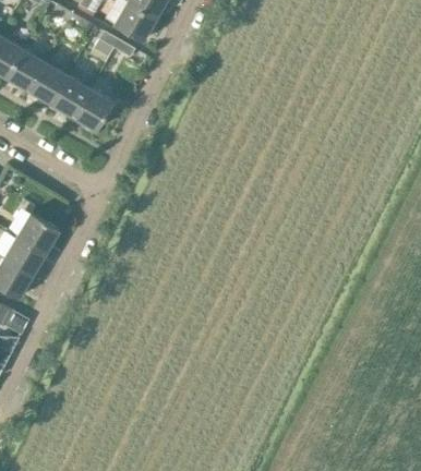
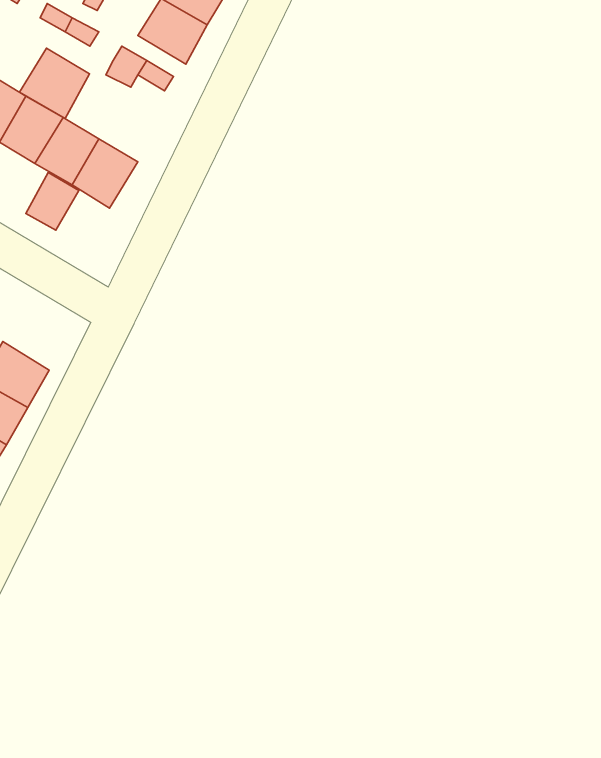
building: none -> [19,48,90,118]
building: none -> [26,173,79,230]

